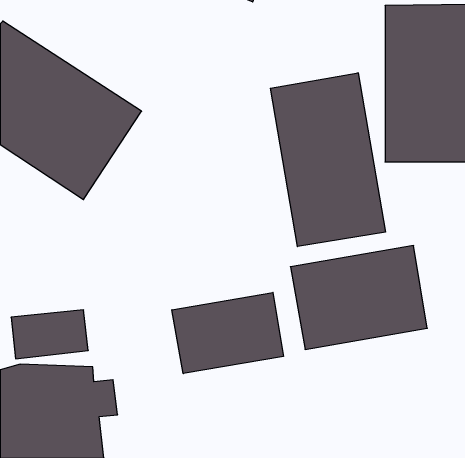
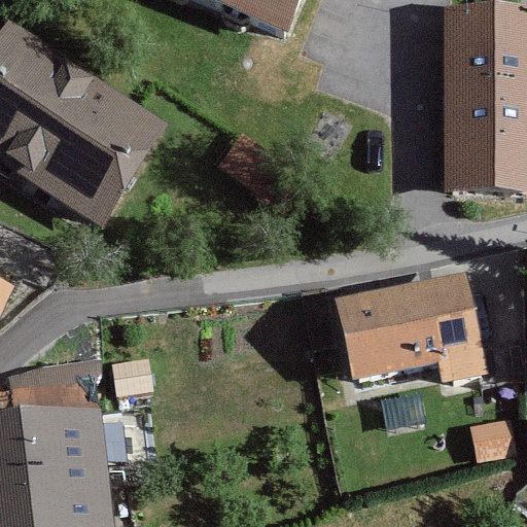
building: [270,73,385,247] -> none
building: [172,292,283,374] -> none

